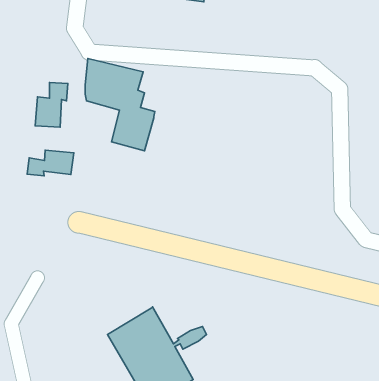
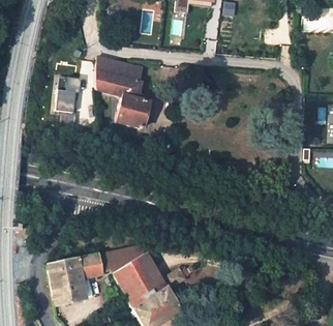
building: [27,150,74,176] -> none
building: none -> [46,245,146,304]

